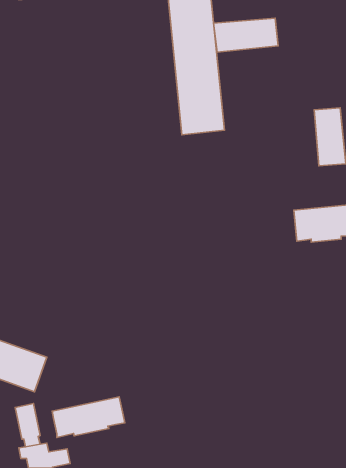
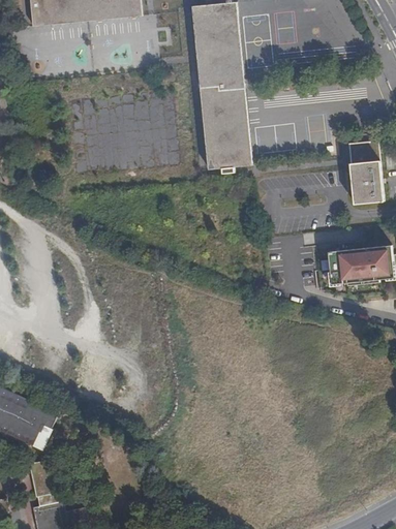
building: [214,18,278,52] -> none
building: [52,397,125,437] -> none

